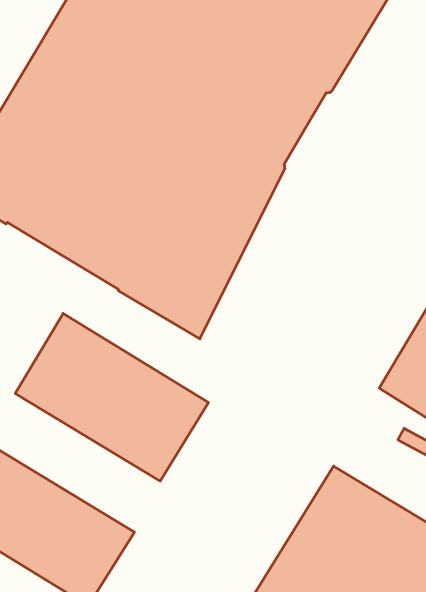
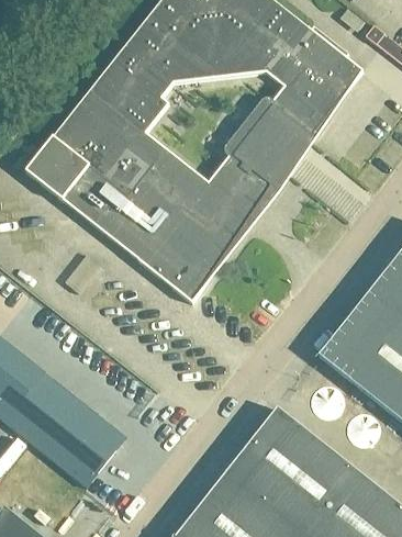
building: [15,313,208,481] -> none

